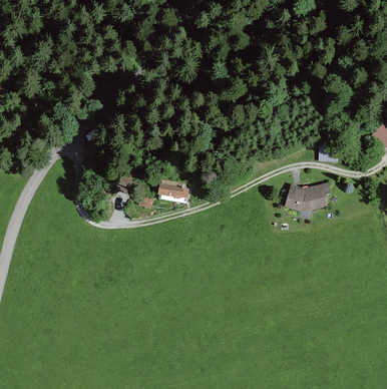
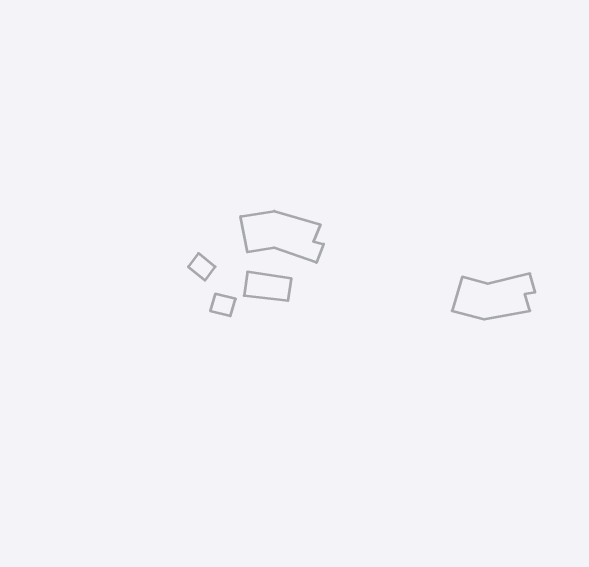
building: none -> [241,211,324,263]

